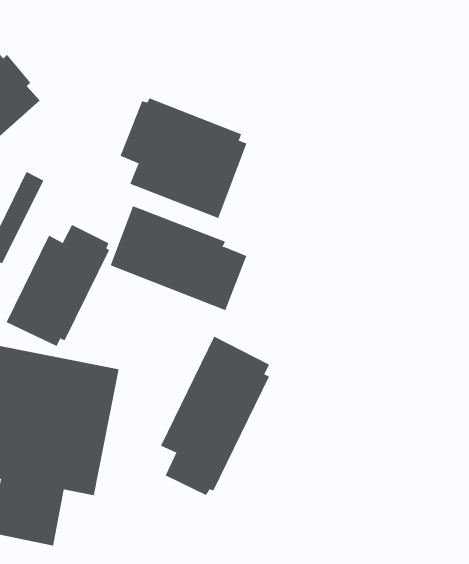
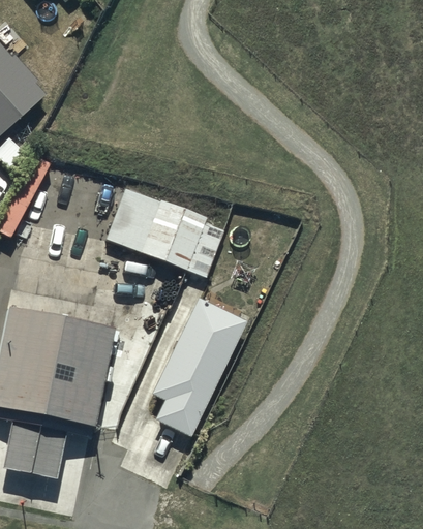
building: [120,97,247,219] -> none
building: [6,224,110,347] -> none

